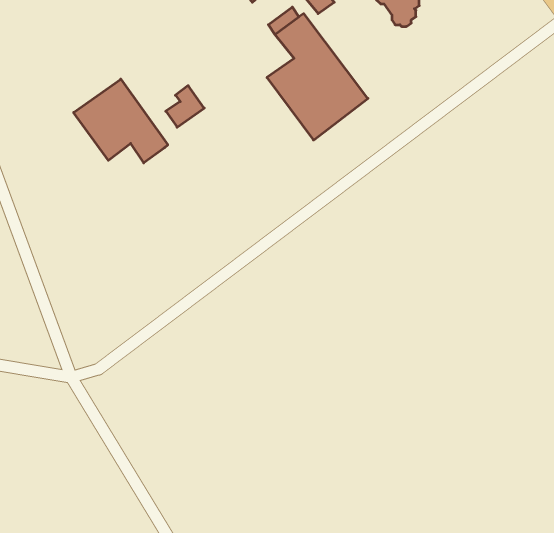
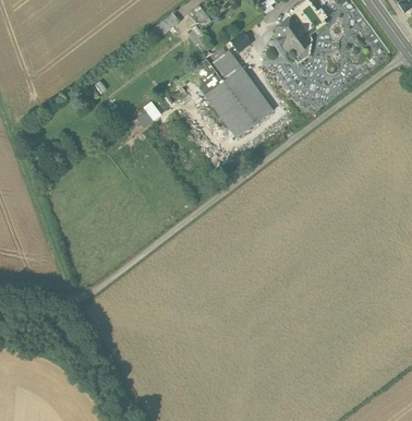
building: [74,79,168,163] -> none

